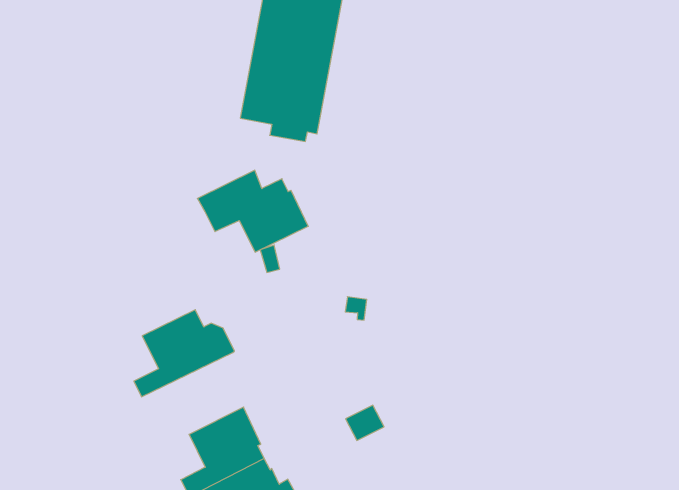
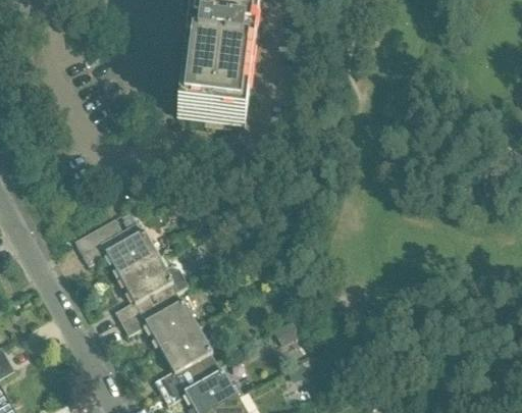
building: [197,170,308,252] -> [74,216,157,276]
building: none -> [121,285,197,347]

